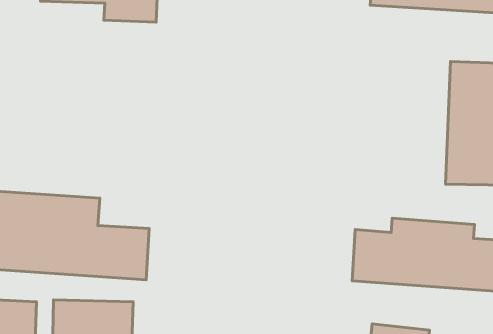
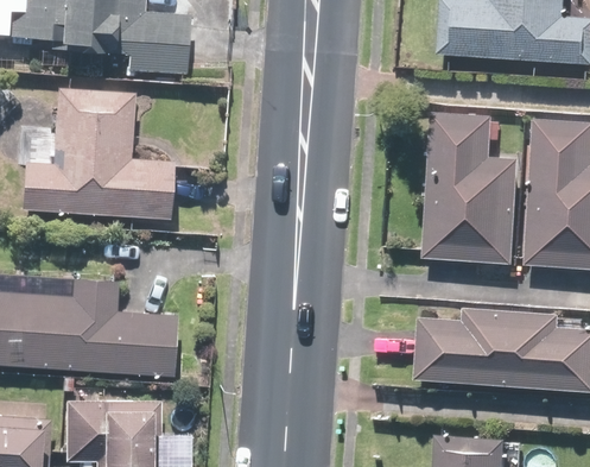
building: none -> [23,90,172,221]
building: none -> [423,111,516,260]

